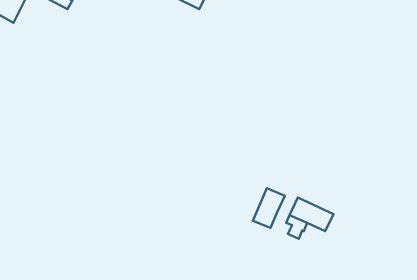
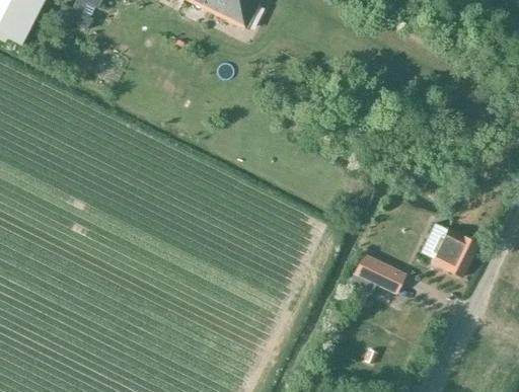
building: none -> [434,228,479,276]
building: [253,188,285,228] -> none

